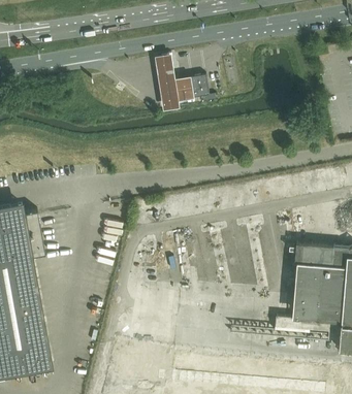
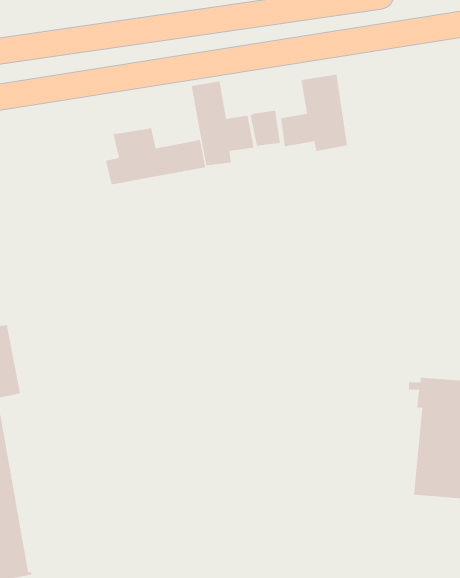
building: none -> [281,74,348,152]
building: none -> [105,127,206,185]

